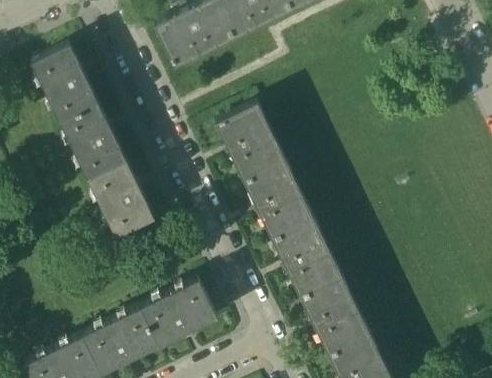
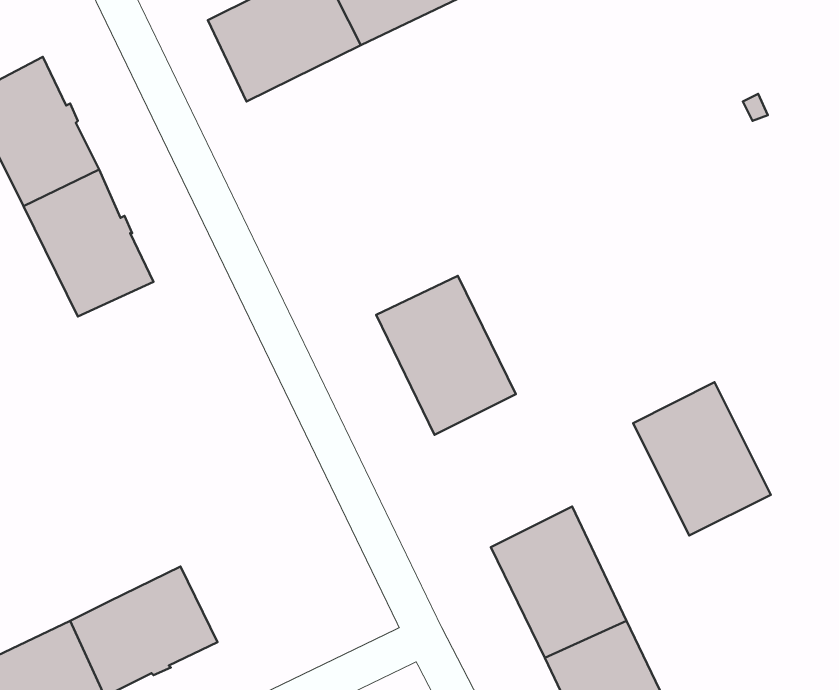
building: [216,102,284,177] -> none
building: [88,160,155,237] -> none
building: [272,218,343,297] -> [633,382,771,535]
building: [141,279,217,346] -> none

